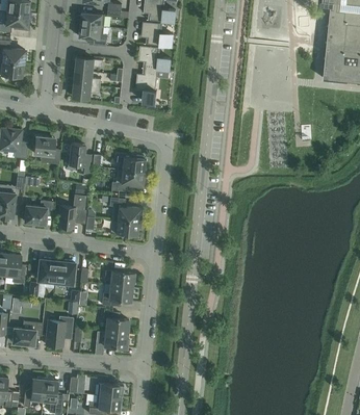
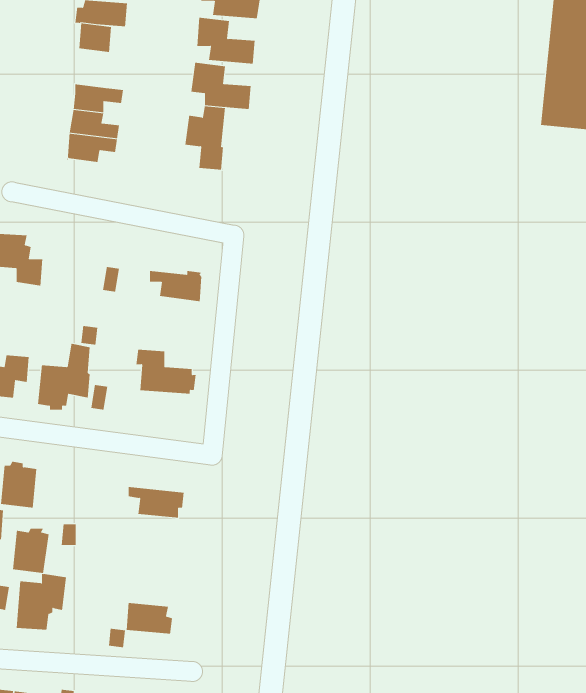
building: [66,144,91,173] -> none
building: [110,168,146,192] -> none
building: [110,219,138,237] -> none
building: [55,260,75,284] -> [12,528,50,573]
building: [102,285,132,307] -> none
building: [103,311,128,334] -> none

